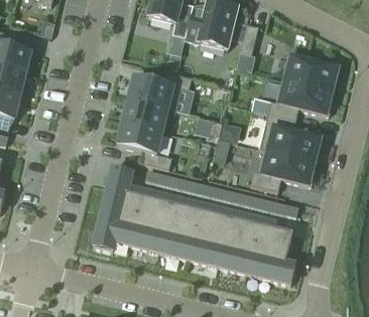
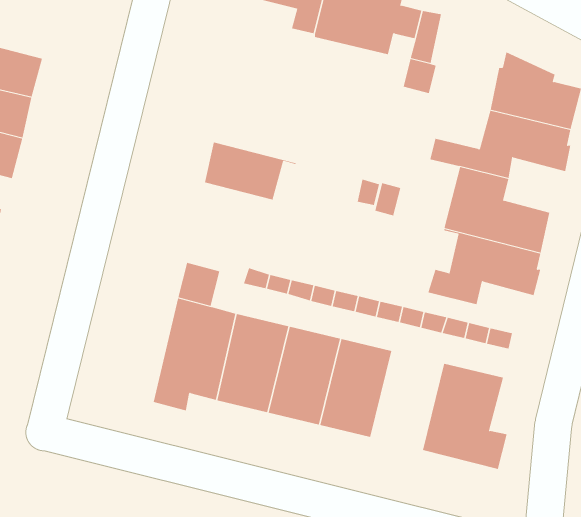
building: [127,70,191,110] -> none
building: [116,121,171,169] -> none
building: [217,216,258,273] -> none

